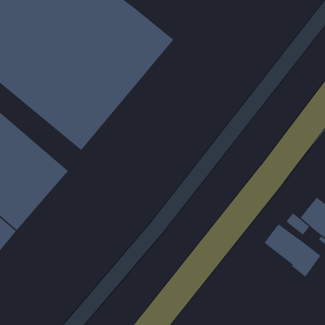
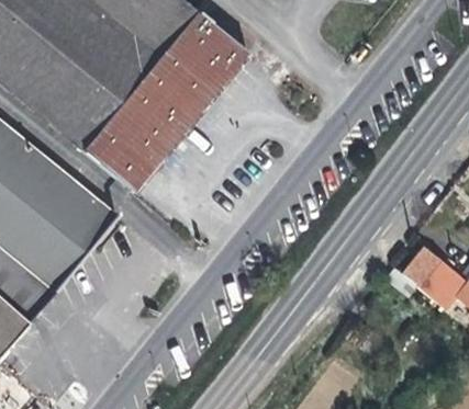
building: [264,224,321,277] -> none

